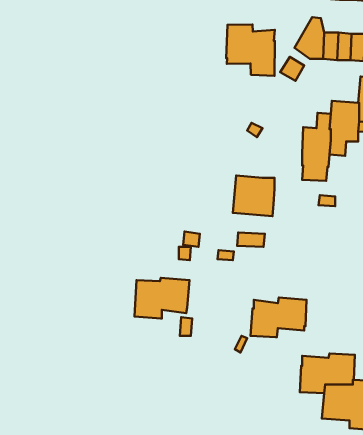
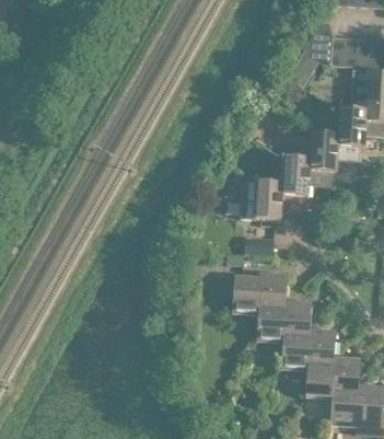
building: [226,25,275,76] -> none
building: none -> [269,154,310,210]
building: [134,278,189,319] -> [233,272,288,312]
building: none -> [281,330,338,369]

